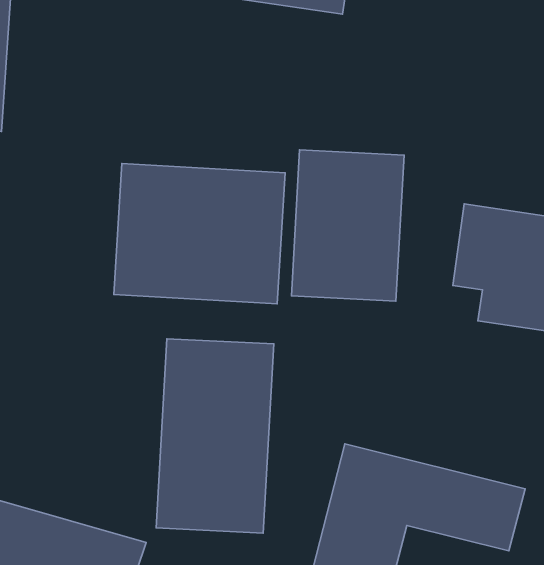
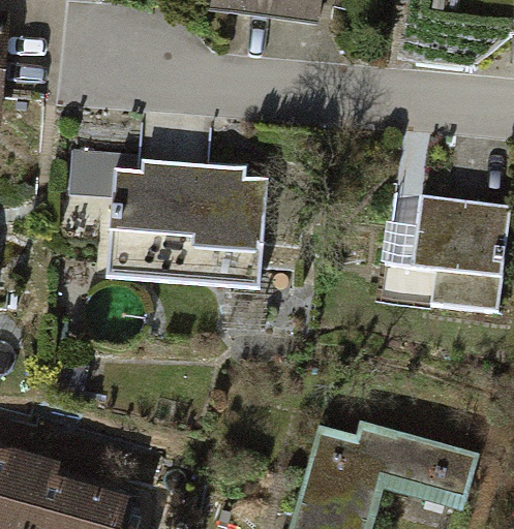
building: [291,150,404,301] -> none
building: [156,339,274,533] -> none

